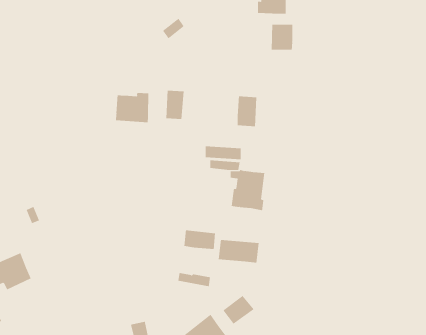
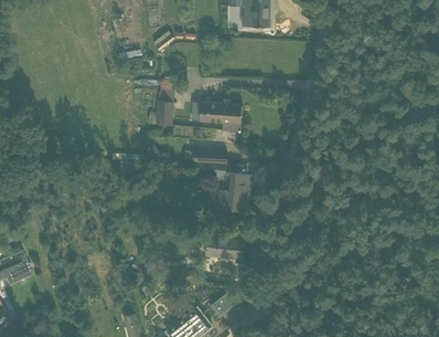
building: [271,24,293,50] -> none
building: [116,92,149,123] -> none
building: none -> [199,102,223,122]
building: [184,230,216,250] -> none

